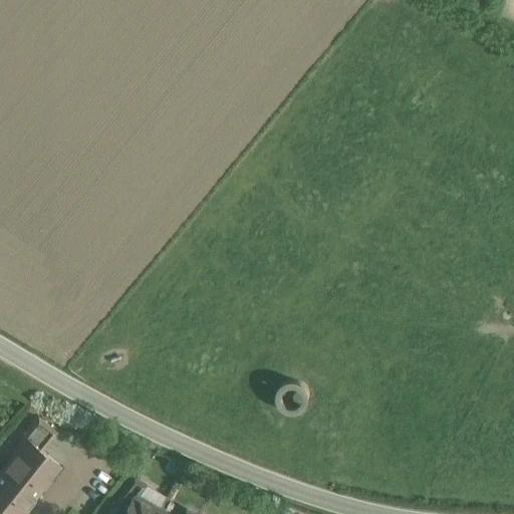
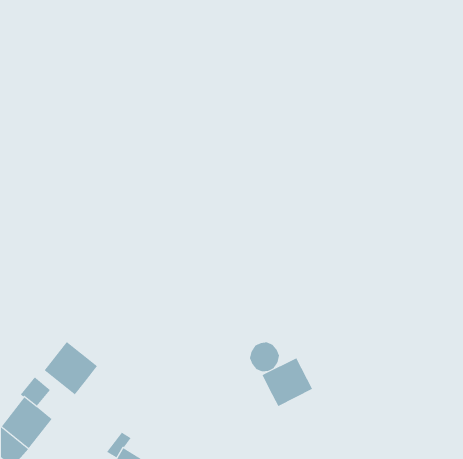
building: none -> [44,341,98,395]
building: none -> [262,357,313,407]

